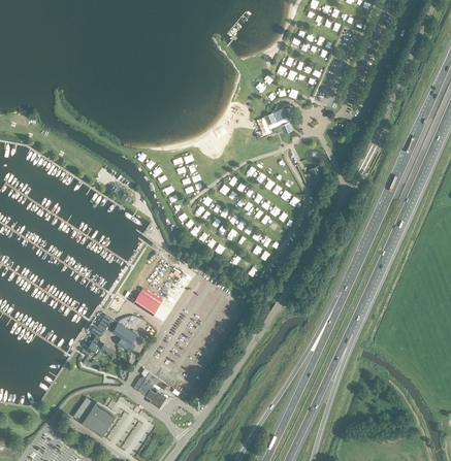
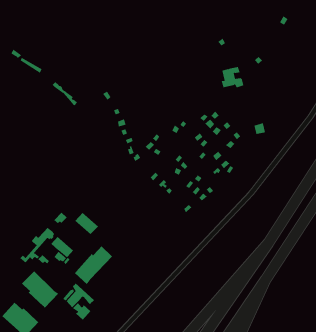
building: none -> [74,245,113,285]
building: none -> [21,270,59,309]

